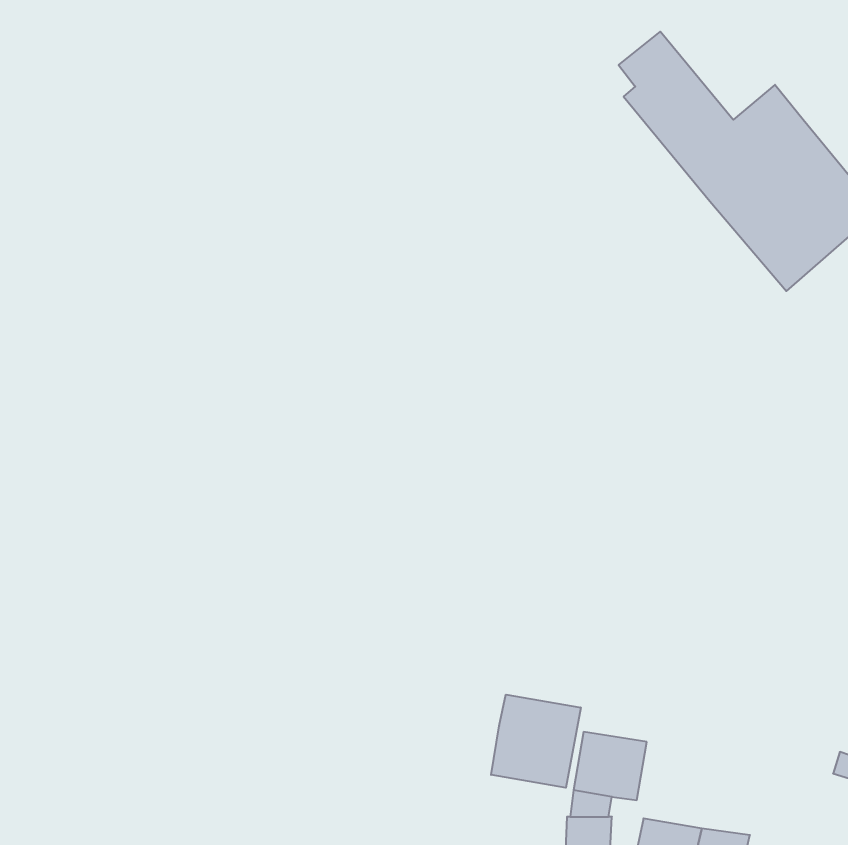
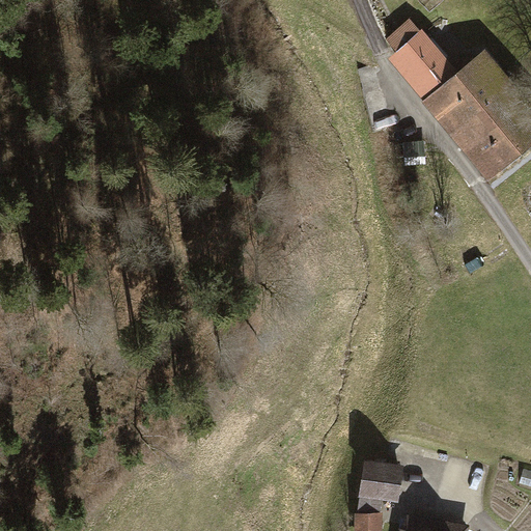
building: [491,695,581,788] -> none

